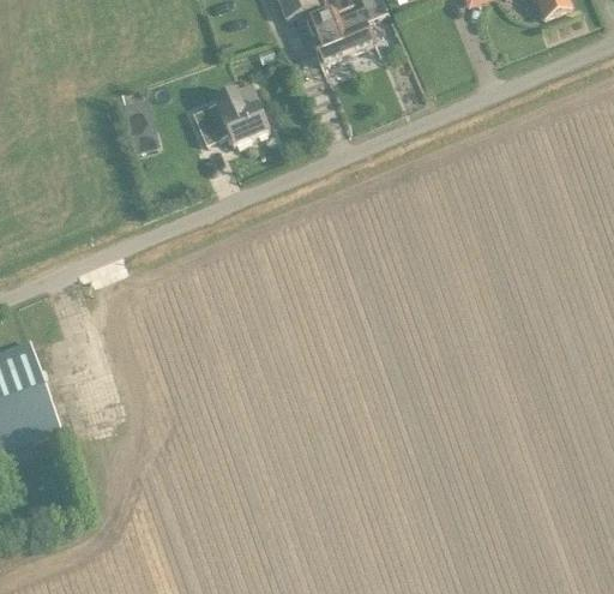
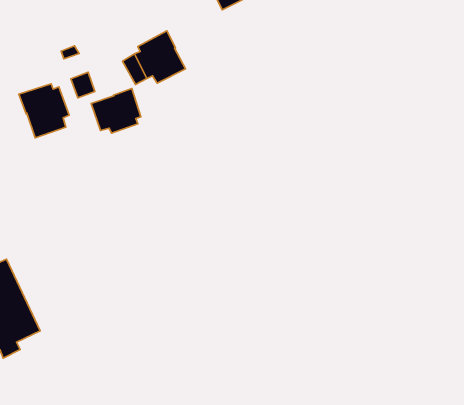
building: none -> [19,84,69,138]
building: none -> [91,89,141,133]

